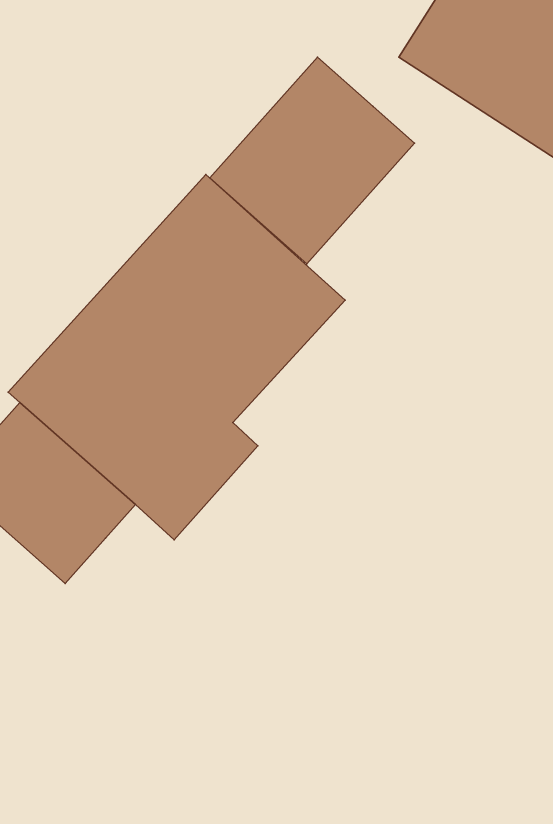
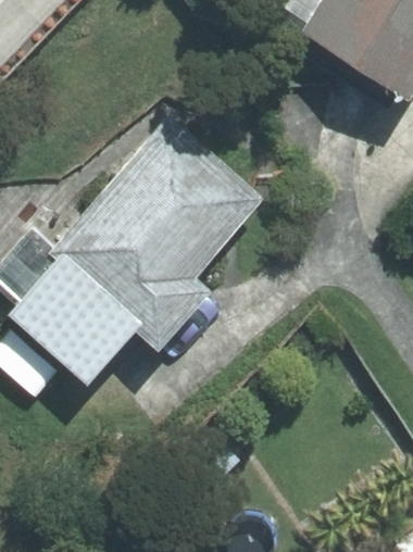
building: [210,57,415,264] -> none

